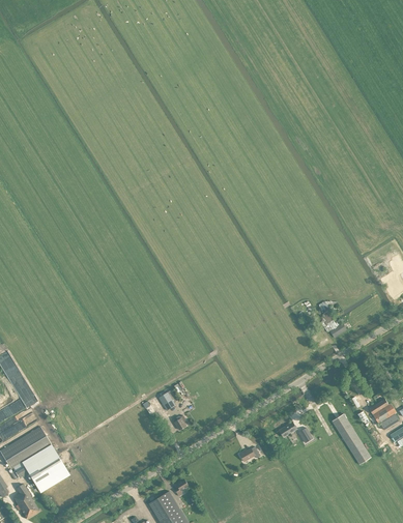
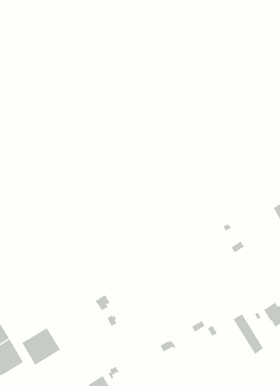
building: none -> [21,327,61,366]

